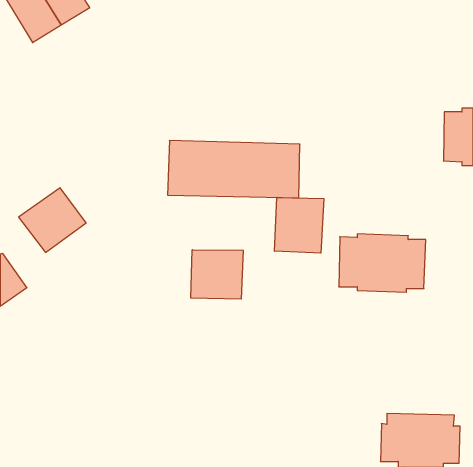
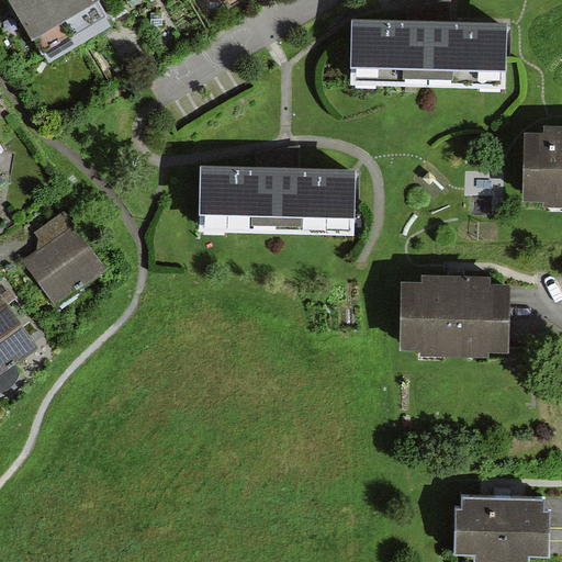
building: none -> [350,21,508,89]
building: [275,197,324,253] -> none
building: [191,250,243,299] -> none

